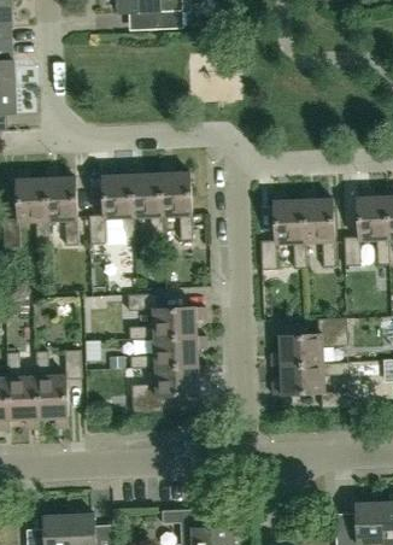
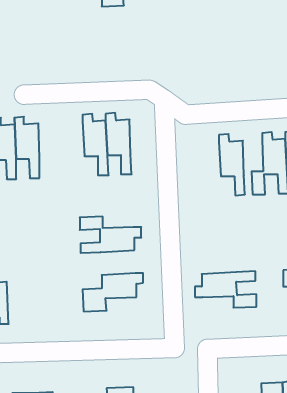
building: [89,165,135,244] -> none
building: [260,191,306,269] -> none
building: [271,317,347,365] -> none
building: [130,335,206,368] -> none
building: [35,350,81,428] -> none

